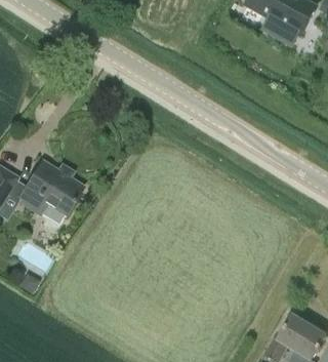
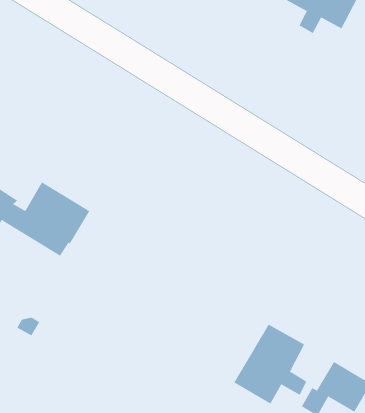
building: none -> [233,324,307,404]

